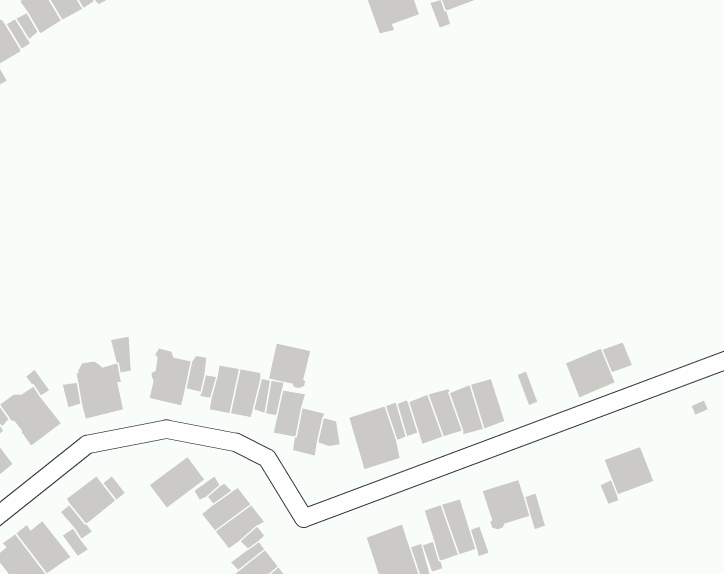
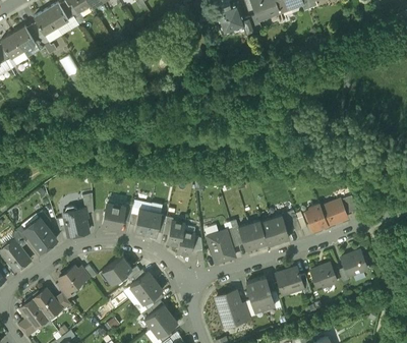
building: [268,343,311,389] -> none
building: none -> [303,204,328,231]
building: none -> [310,264,337,289]

